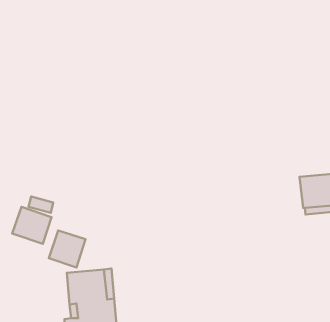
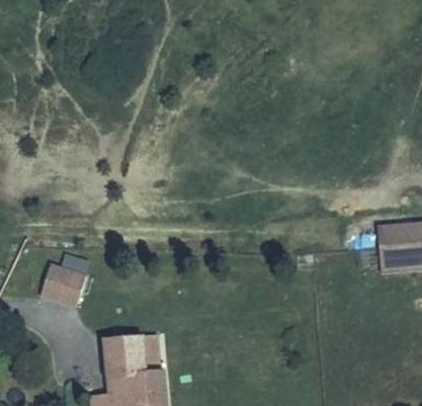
building: [49,230,85,267] -> none

